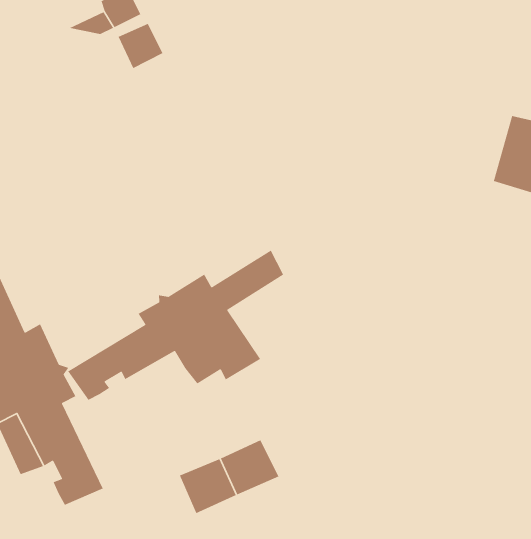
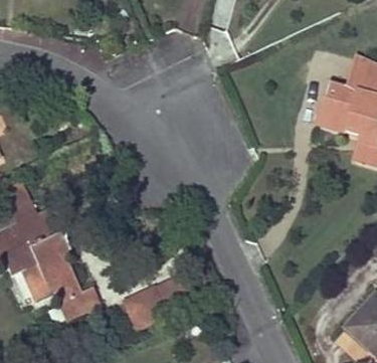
building: [67,250,284,401] -> none

